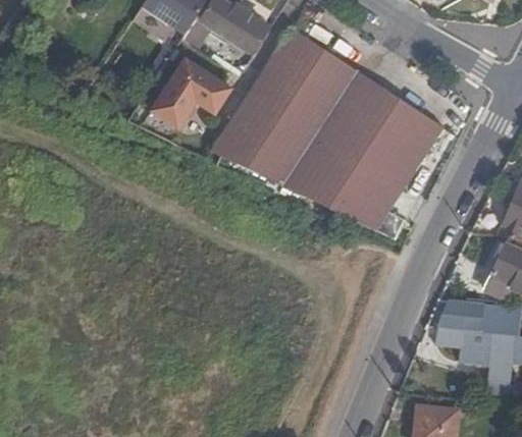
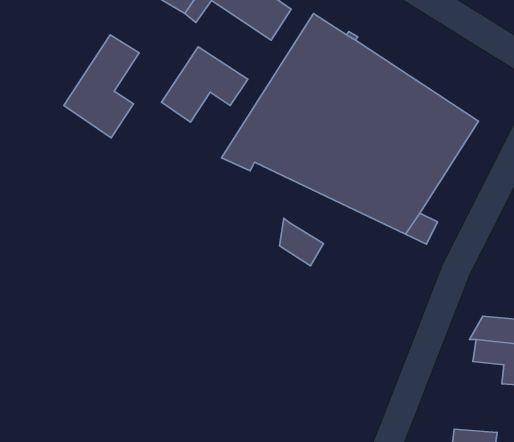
building: none -> [64,35,139,138]
building: none -> [279,218,324,266]

